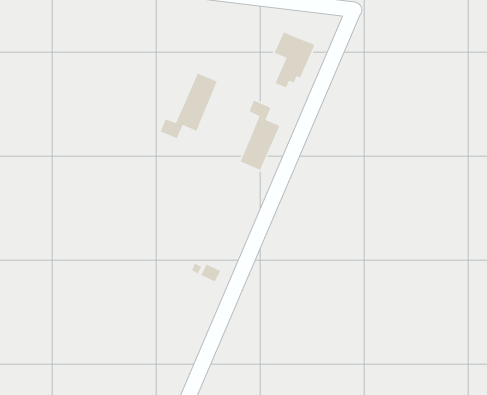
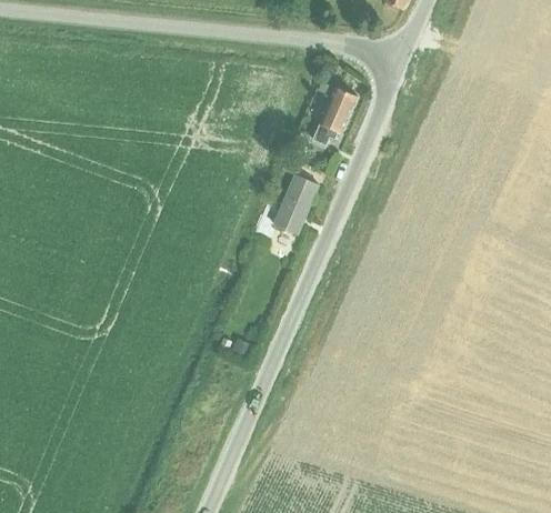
building: [159,72,218,139] -> none

